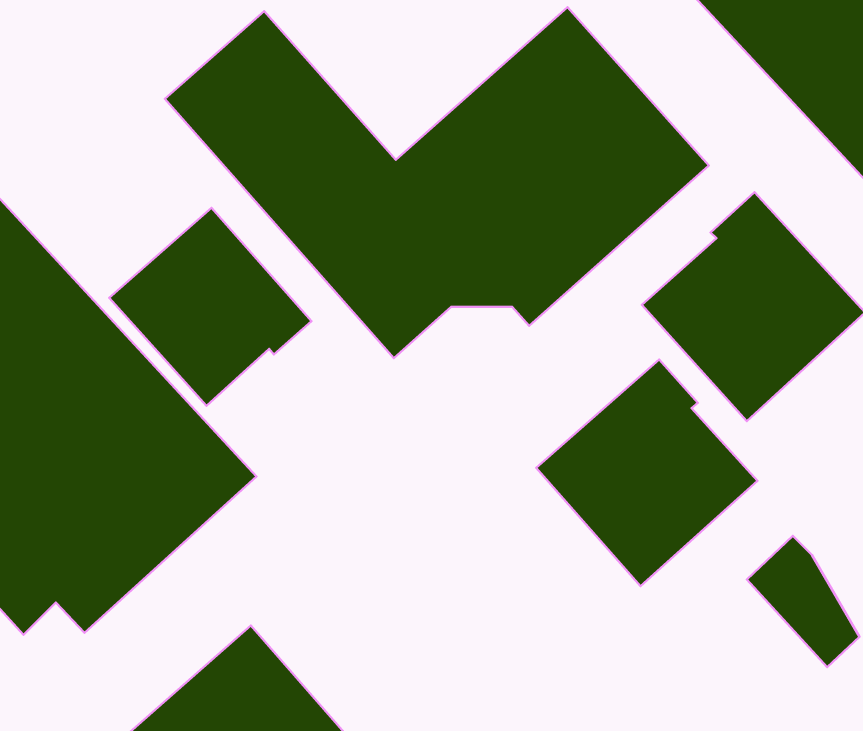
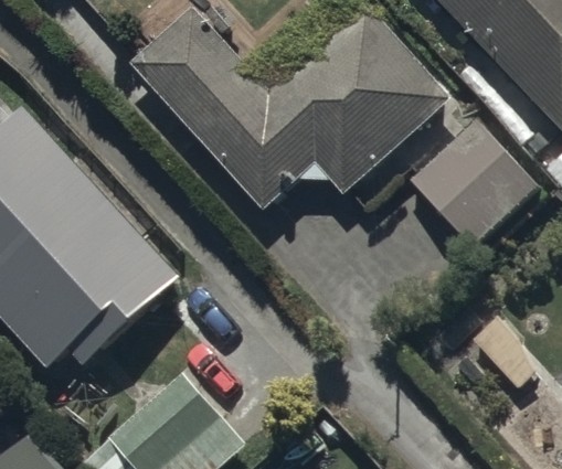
building: [109,208,312,406] -> none
building: [536,359,757,586] -> none

